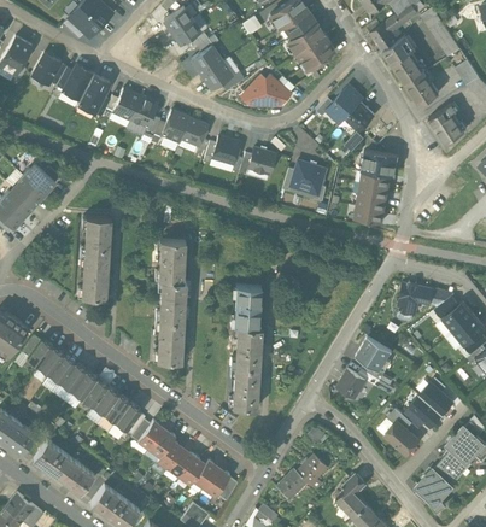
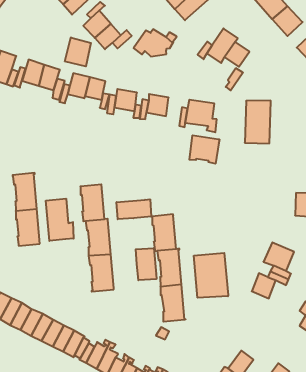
building: none -> [65,37,91,66]
building: [362,152,396,177] -> none
building: none -> [189,135,219,164]
building: none -> [46,199,74,241]
building: none -> [117,199,151,219]
building: none -> [136,248,156,280]
building: none -> [194,253,228,298]

